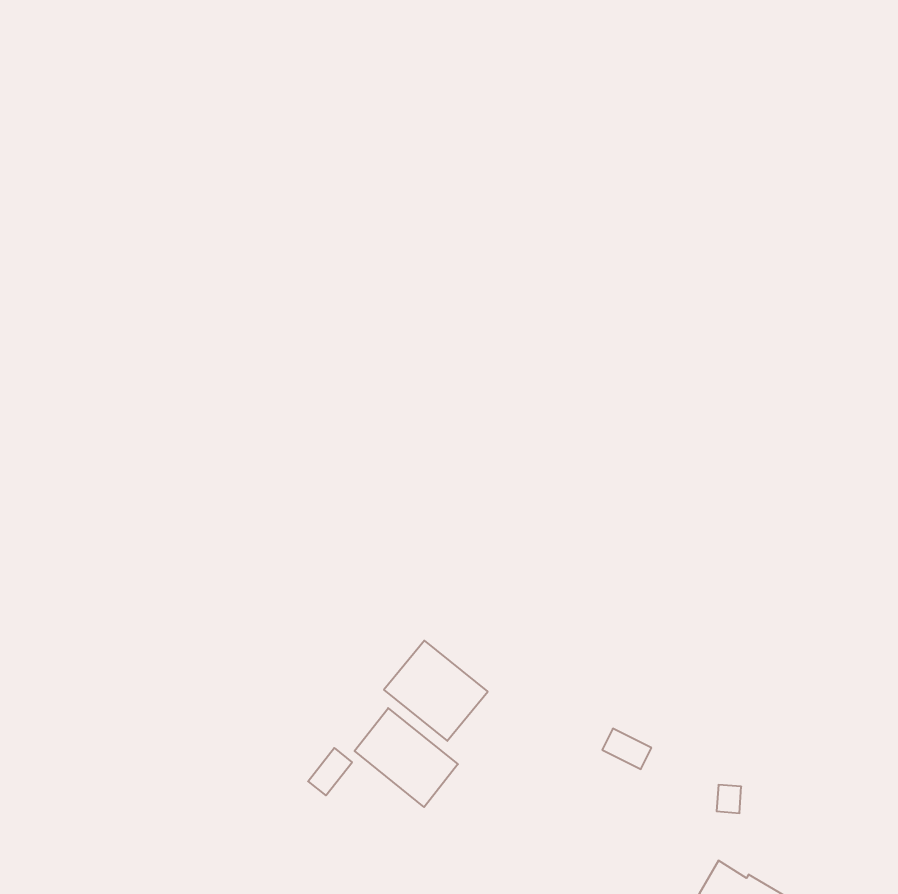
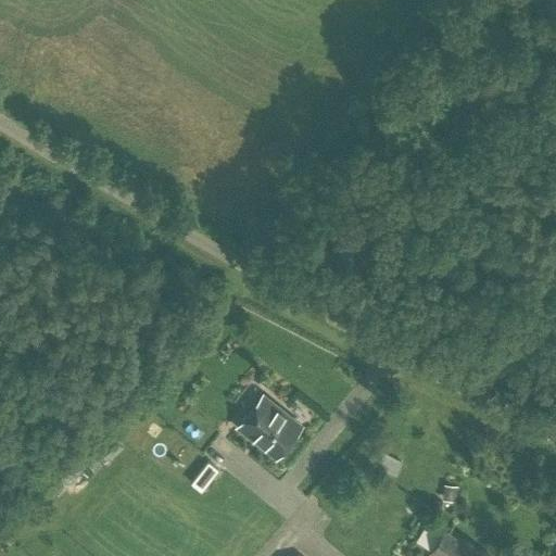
building: [355,708,458,807] -> none

